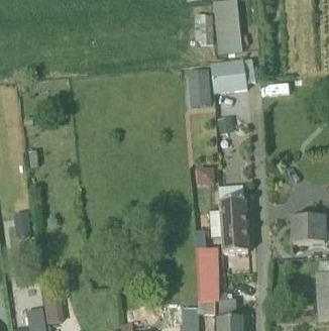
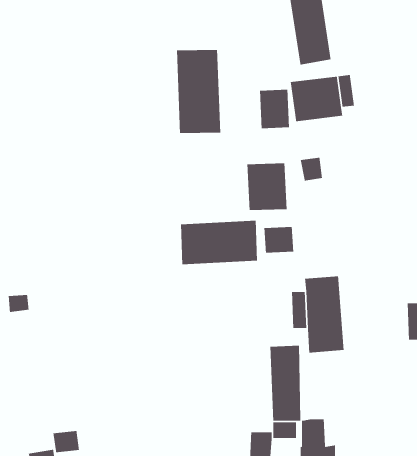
building: none -> [176,49,221,134]
building: none -> [247,162,288,211]
building: none -> [180,220,258,265]

